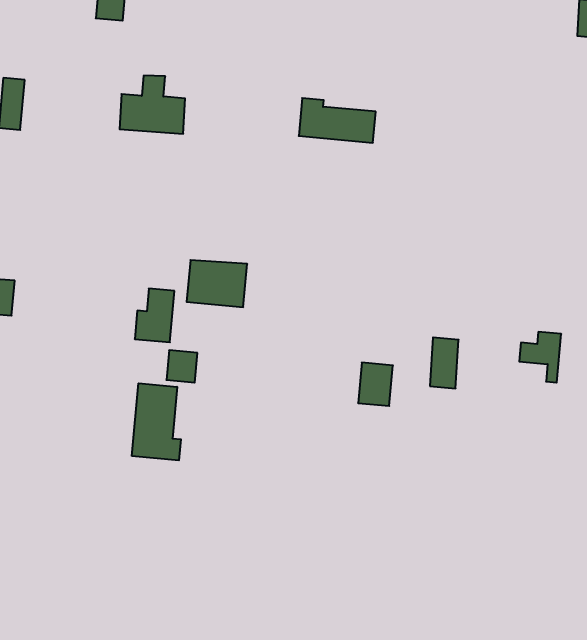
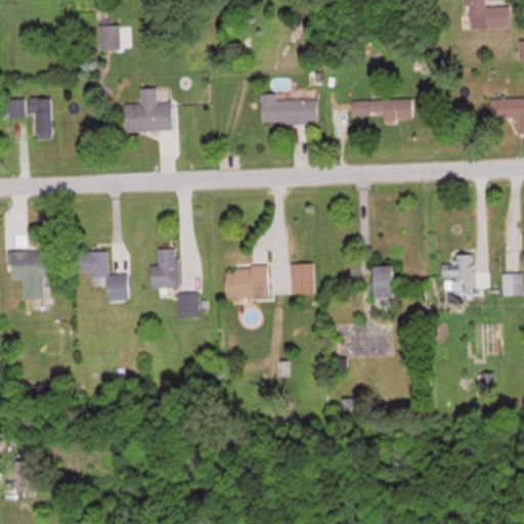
building: none -> [351,100,411,120]
building: [187,260,247,307] -> [225,266,268,299]
building: none -> [80,252,127,300]
building: [358,363,393,406] -> [290,263,313,294]
building: [132,383,181,460] -> none

